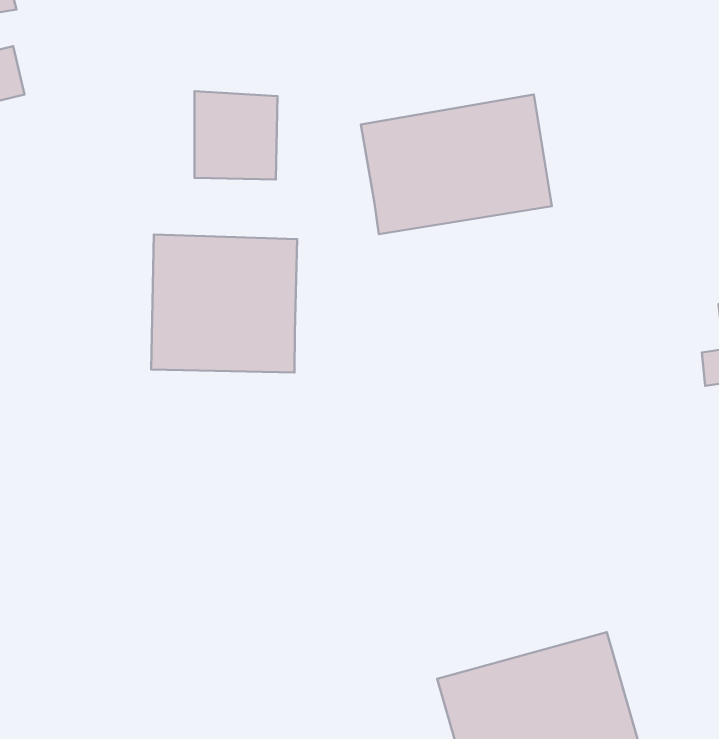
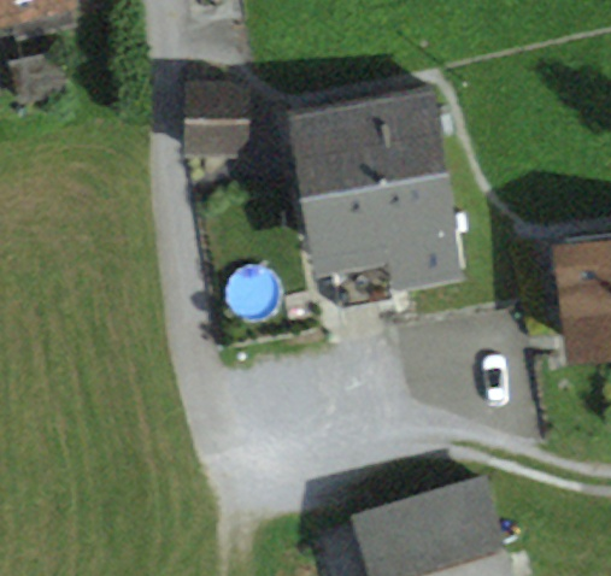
building: none -> [315,174,454,283]
building: [151,234,297,372] -> none

